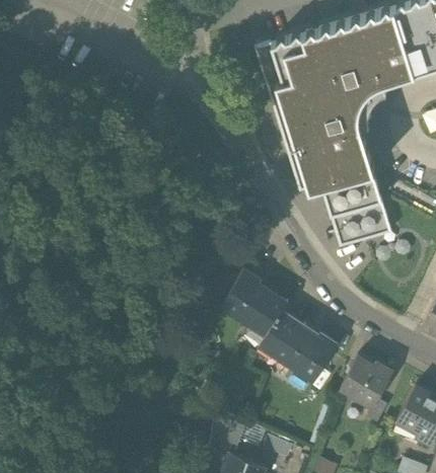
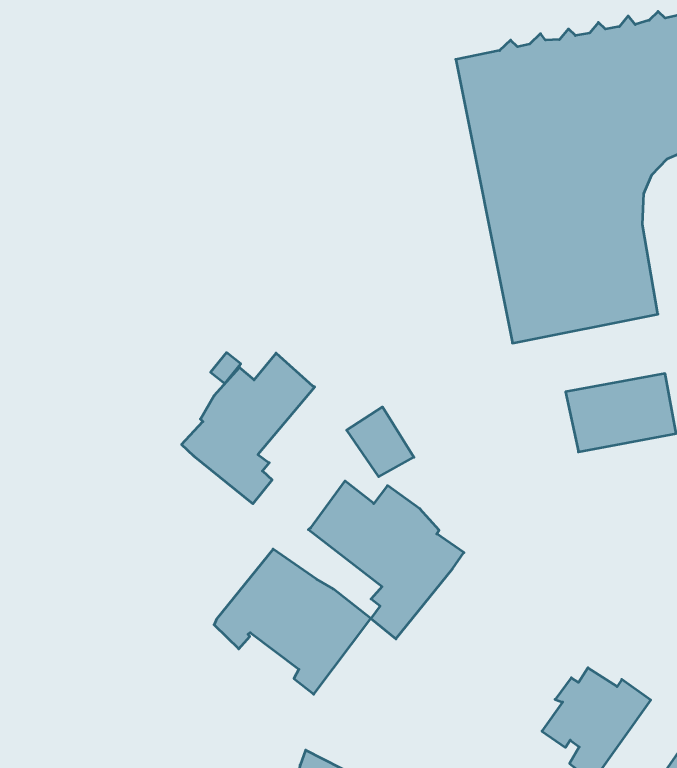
building: [325,171,385,216] -> none
building: none -> [182,353,315,504]
building: [260,314,341,387] -> [214,549,371,694]

